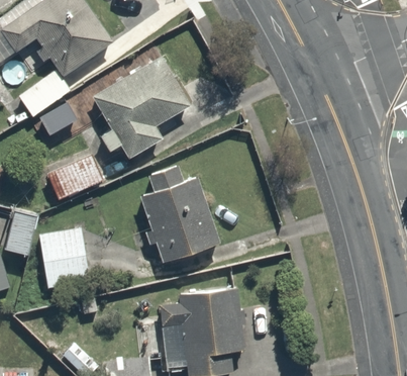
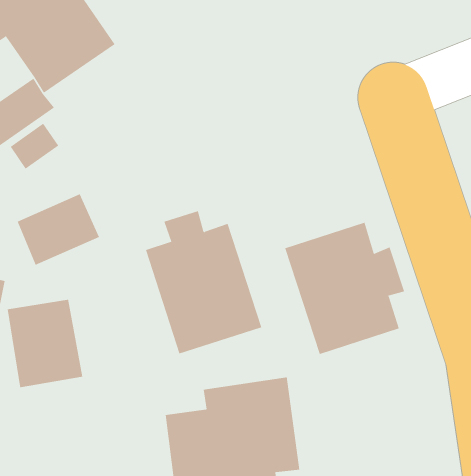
building: [93,56,191,160] -> none
building: none -> [284,222,405,355]

